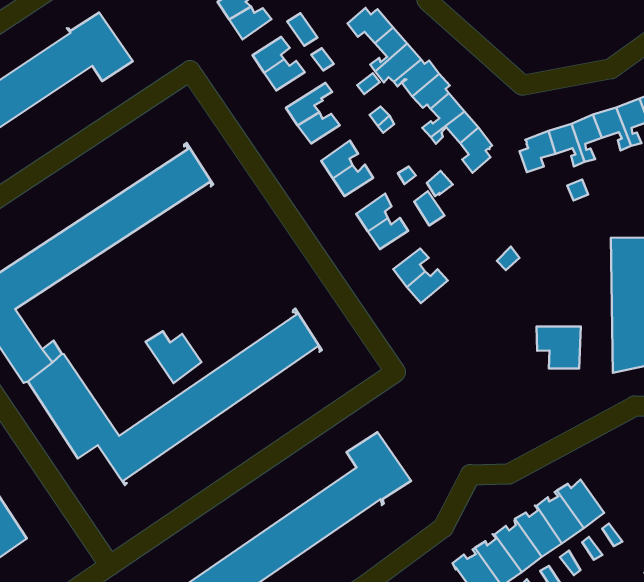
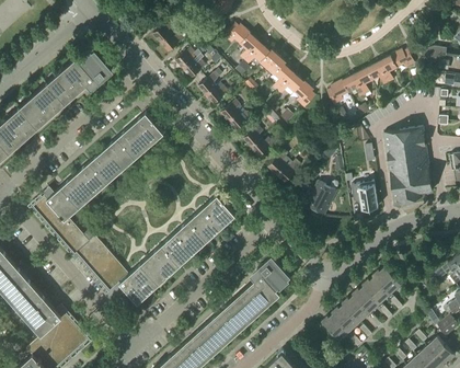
building: none -> [307,182,337,216]
building: [145,331,201,383] -> none

